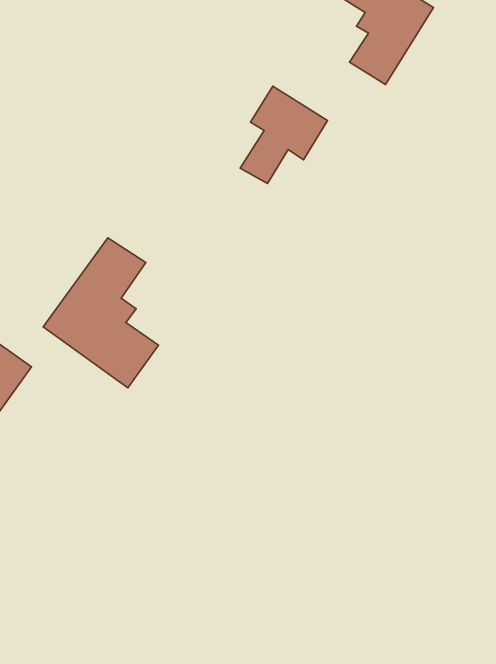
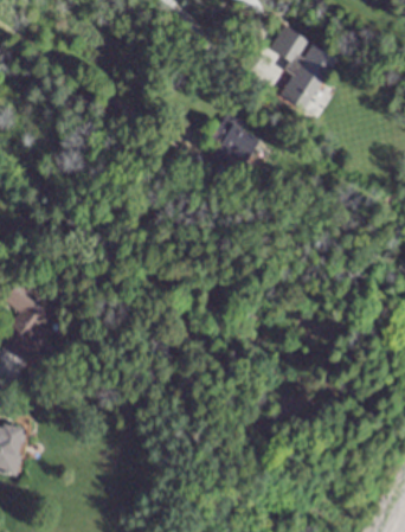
building: [43,238,159,388] -> none

